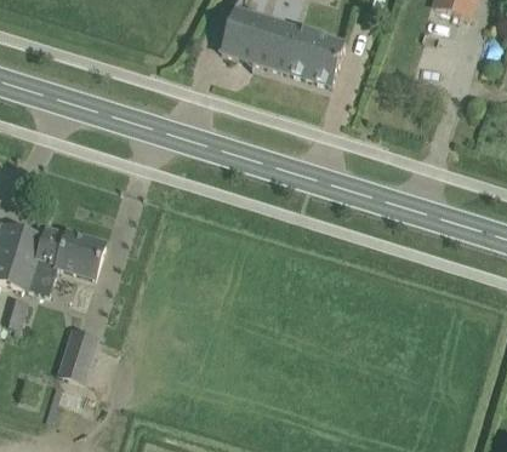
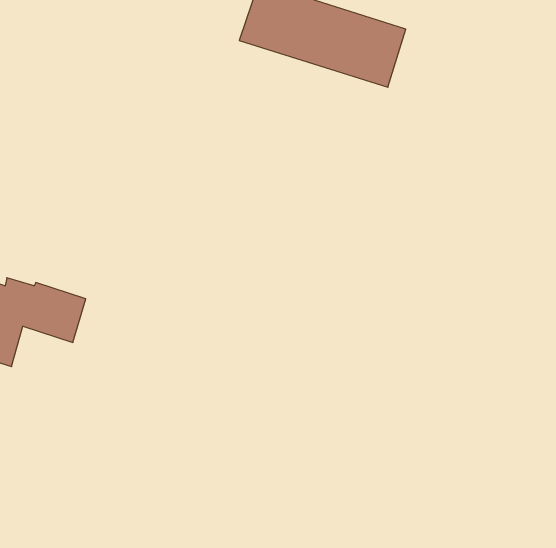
building: [58,327,96,381] -> none

